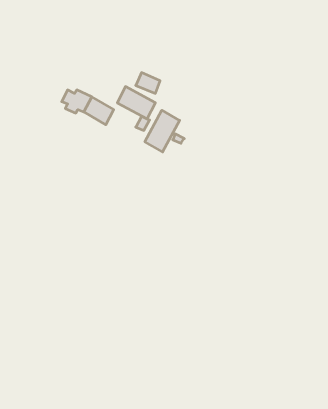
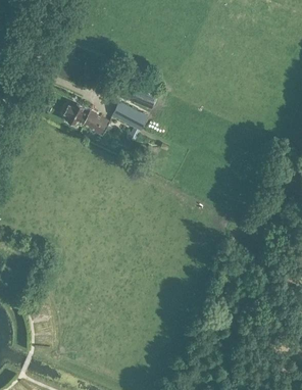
building: [145,110,180,152] -> none

